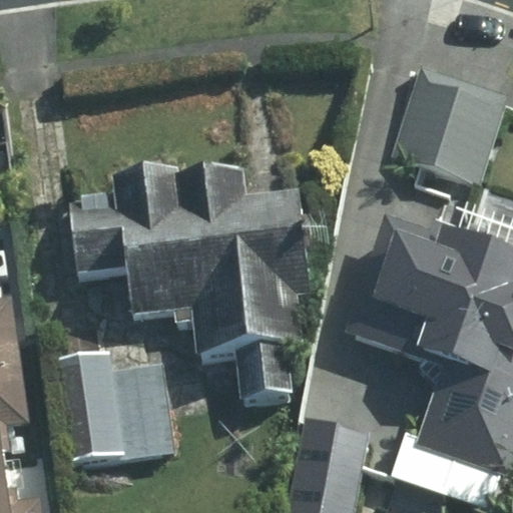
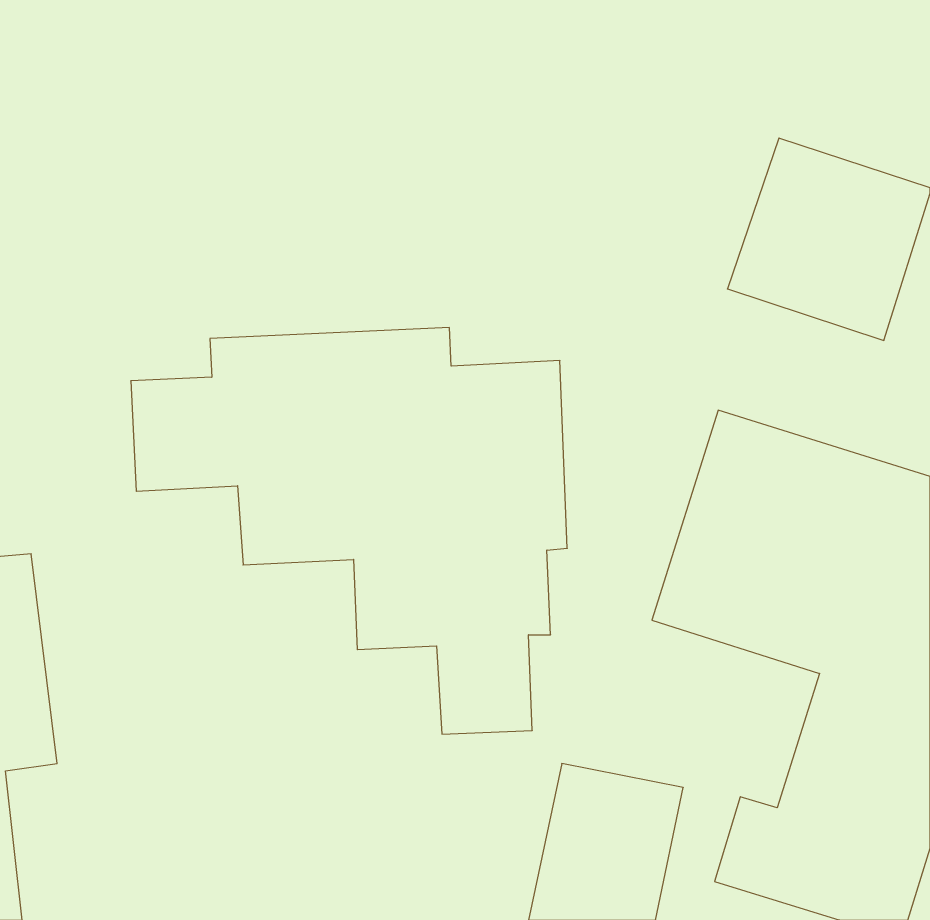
building: [56,357,177,463] -> none

